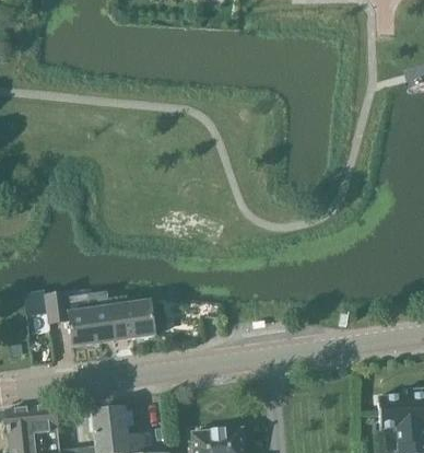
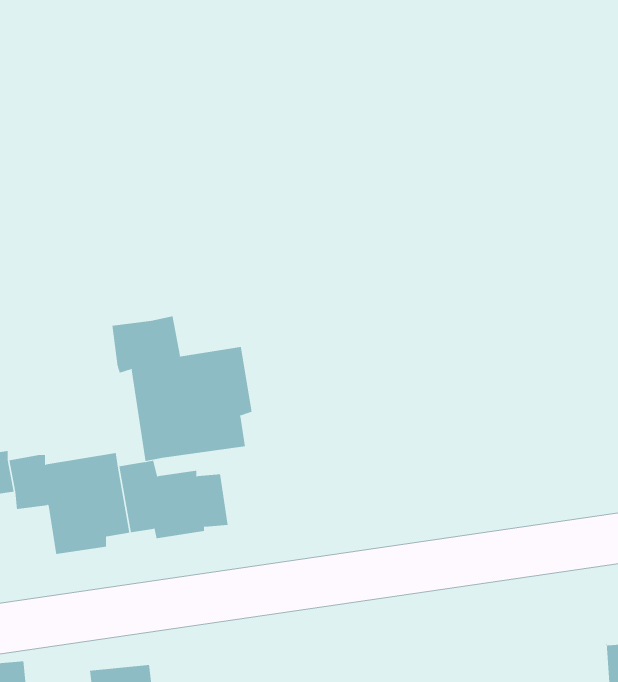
building: none -> [112,315,252,462]

